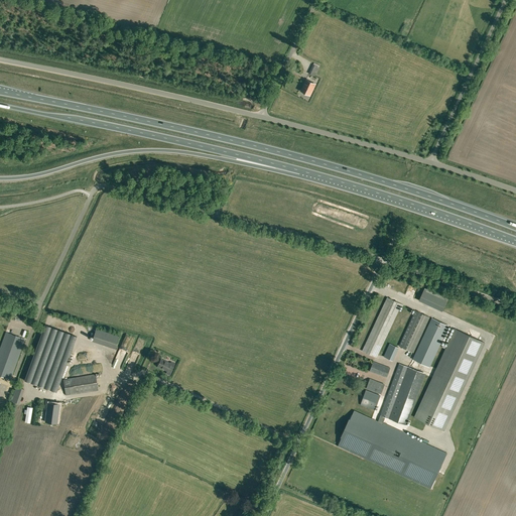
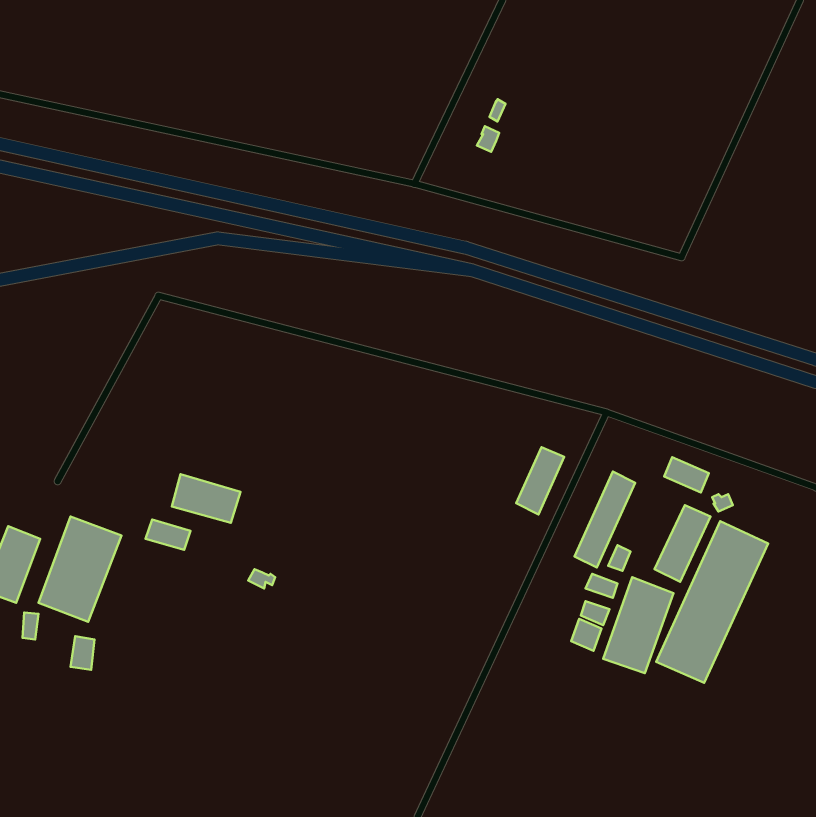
building: none -> [172,474,240,523]
building: [398,310,428,353] -> [516,447,564,514]
building: [62,375,97,395] -> none
building: [337,411,445,488] -> none

